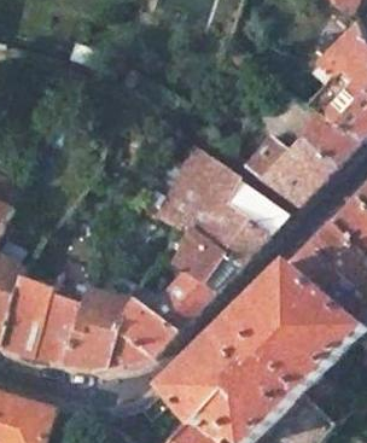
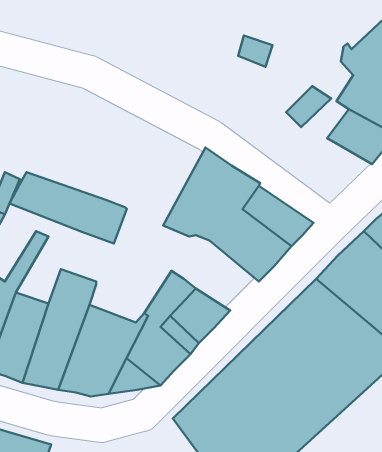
building: [246,134,339,203] -> none
building: none -> [10,172,127,243]
building: [173,228,239,290] -> none

